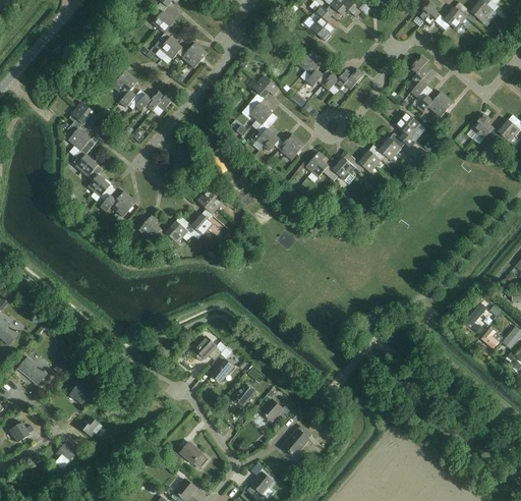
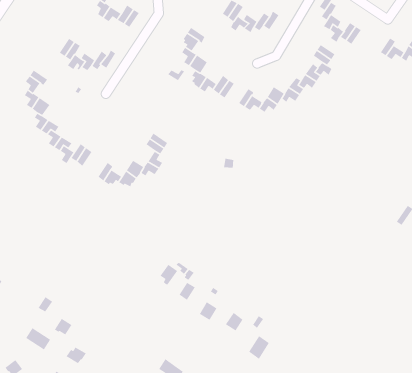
building: [18,357,47,385] -> [25,327,51,350]

